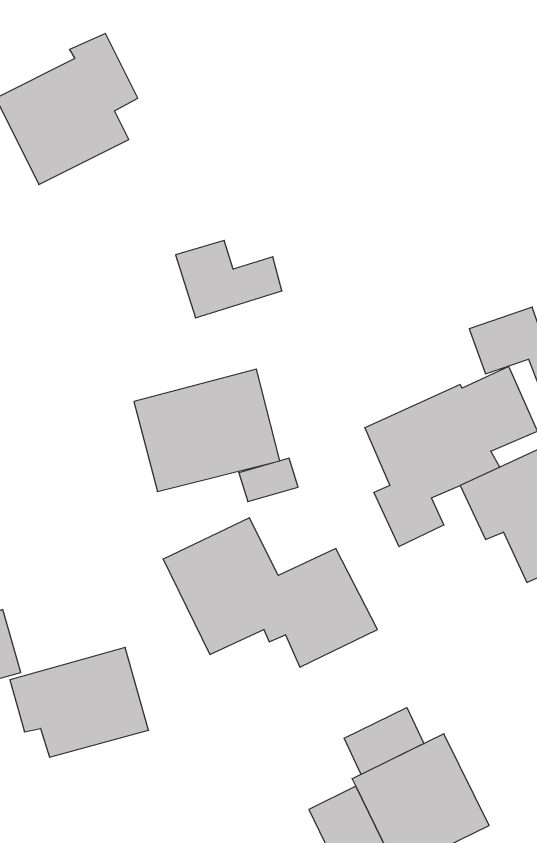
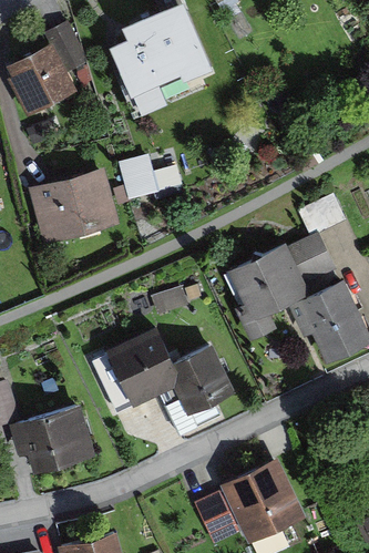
building: none -> [117,13,207,96]
building: [134,369,280,492] -> [28,168,117,244]
building: [344,708,424,774] -> none

